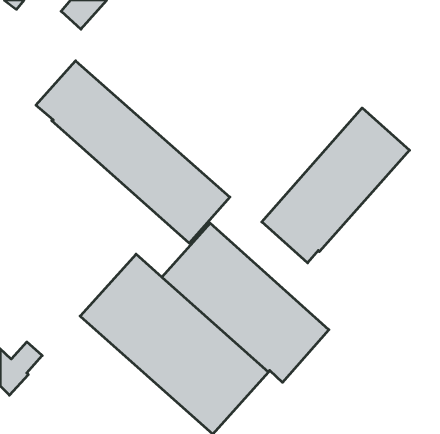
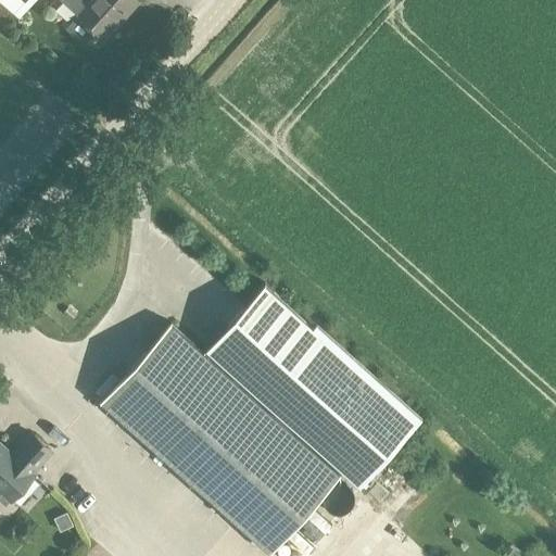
building: [36,61,230,243] -> none
building: [262,108,410,263] -> none

